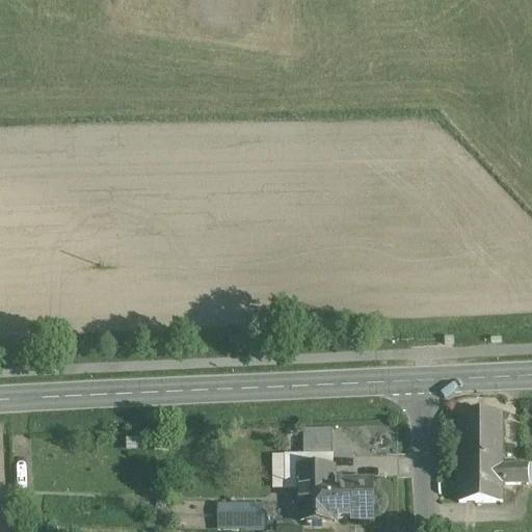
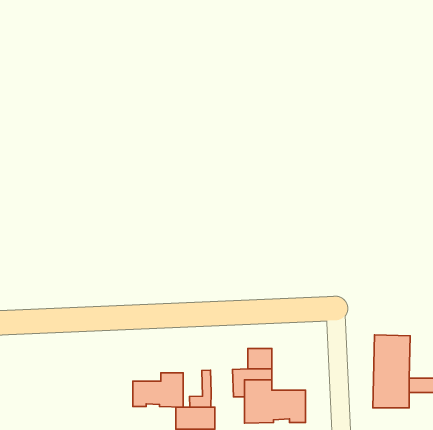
building: none -> [189,370,211,407]
building: none -> [133,373,183,407]

